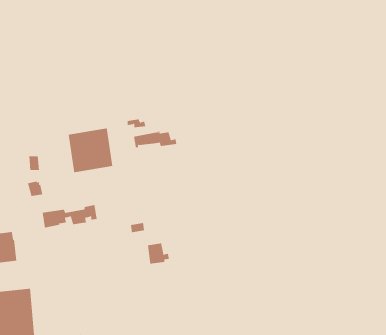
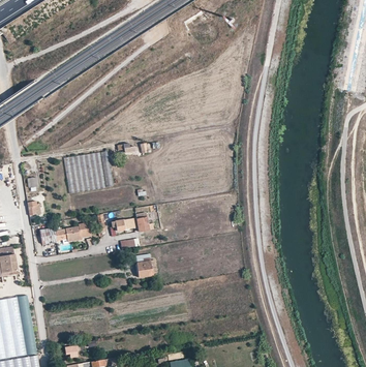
building: [133,131,177,148] -> [113,216,153,232]

